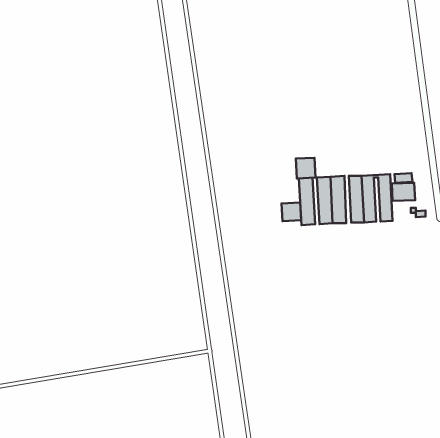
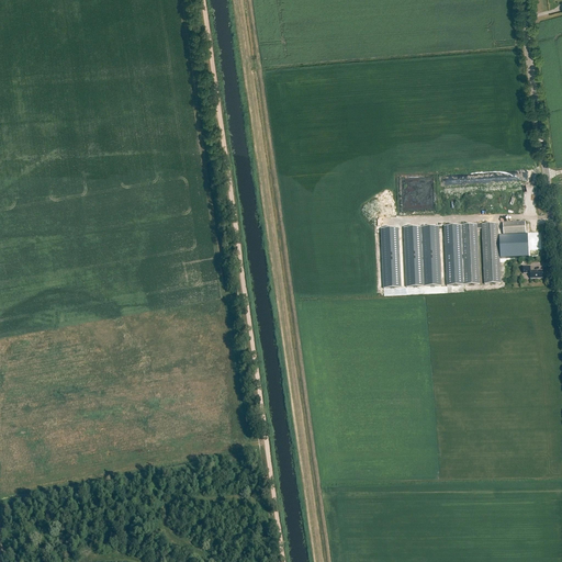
building: [296,158,315,178] -> none
building: [281,203,301,221] -> none

